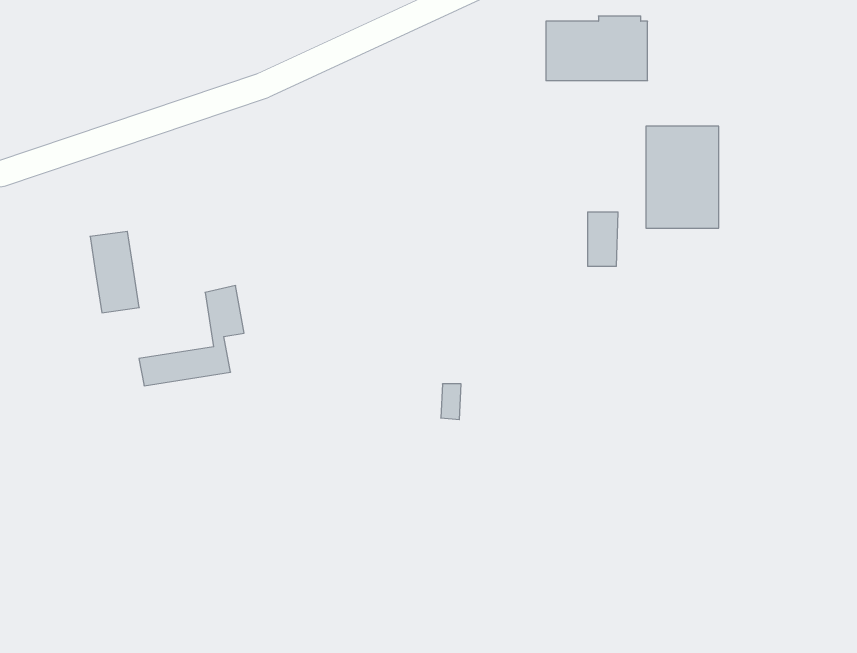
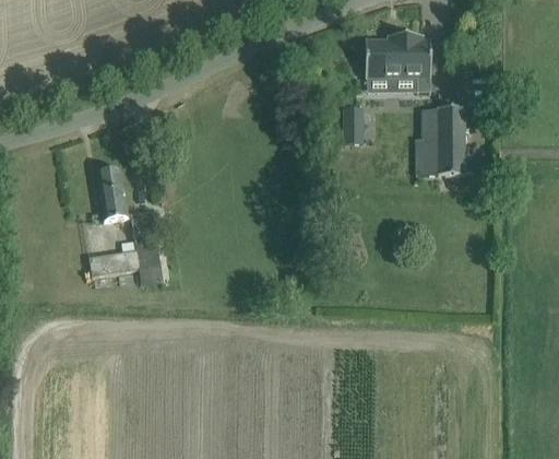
building: [588,212,618,266] -> [346,108,366,143]
building: [90,231,139,313] -> [99,168,131,221]

